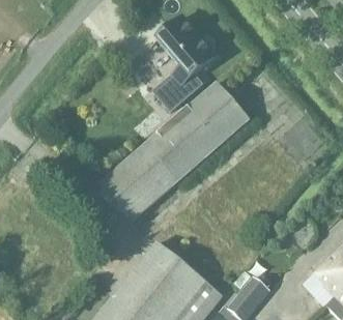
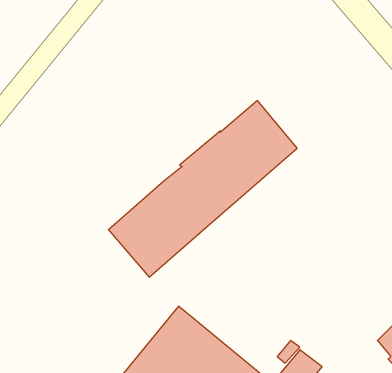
building: [153,16,216,110] -> none

